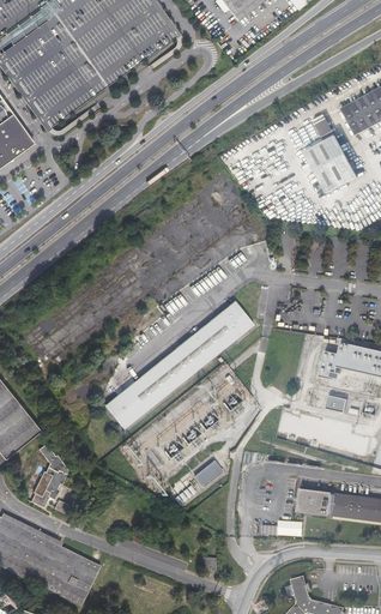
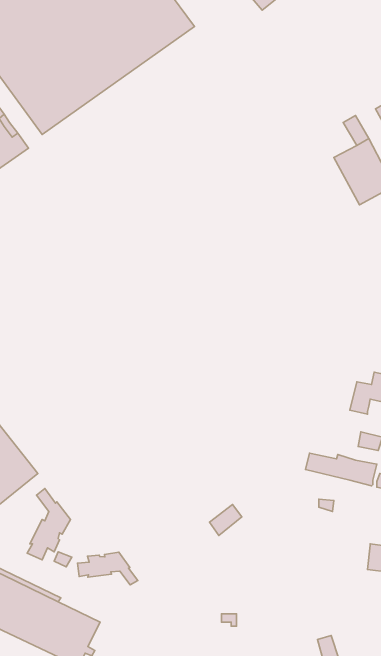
building: [108,302,256,429] -> none
building: [297,488,332,516] -> none
building: none -> [78,552,138,585]

